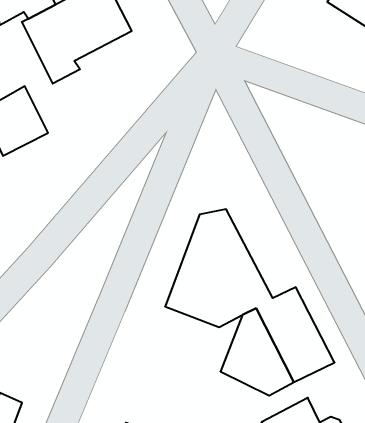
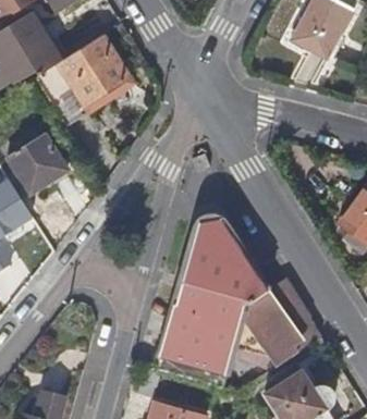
building: none -> [156,305,242,390]

